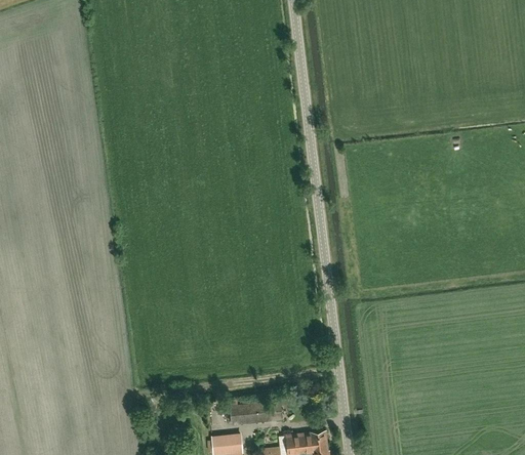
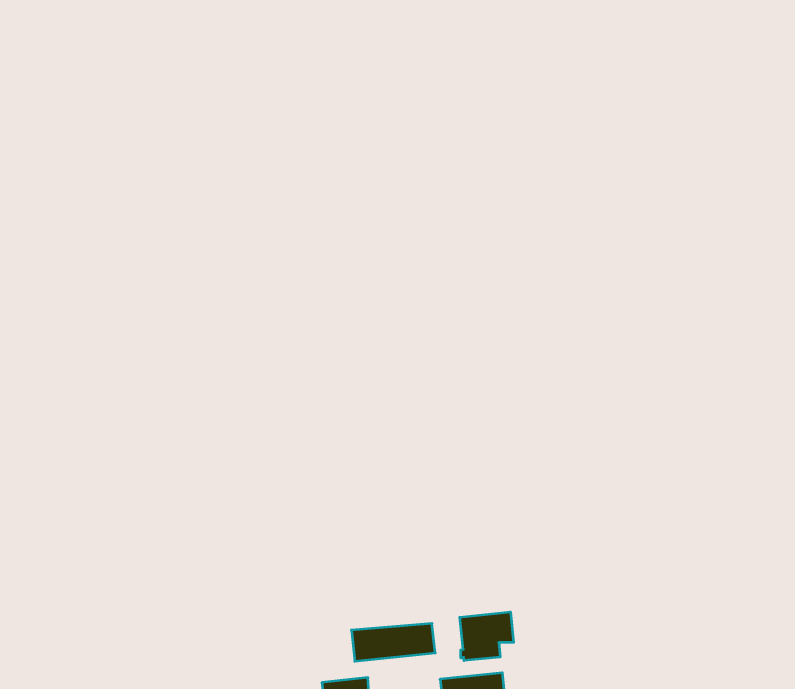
building: none -> [460,612,514,661]

